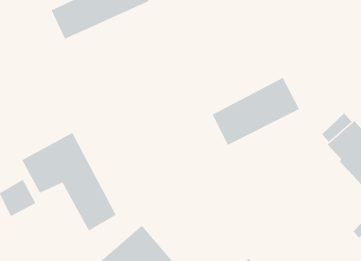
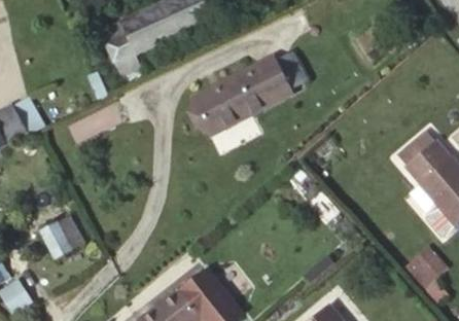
building: [212,77,300,146] -> [190,53,289,131]
building: [21,132,116,231] -> none

